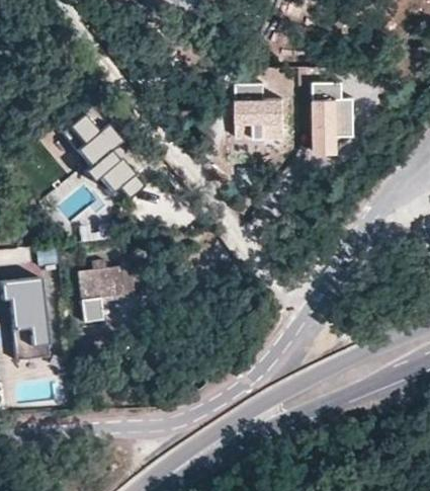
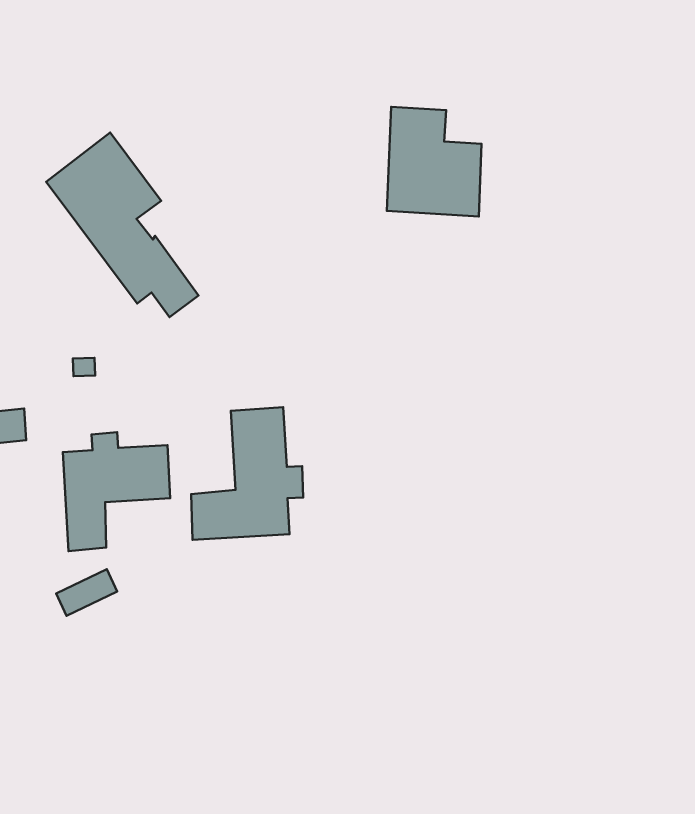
building: [311,81,358,157] -> none
building: none -> [191,407,303,540]

